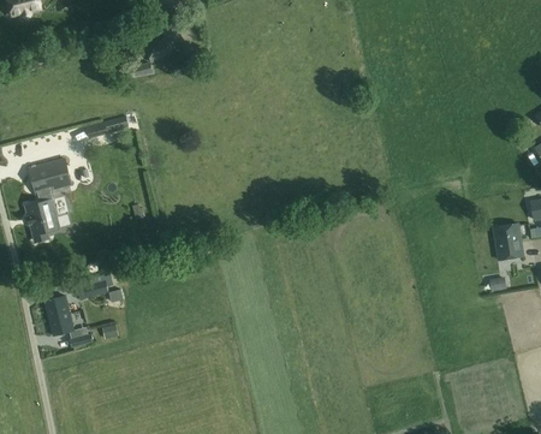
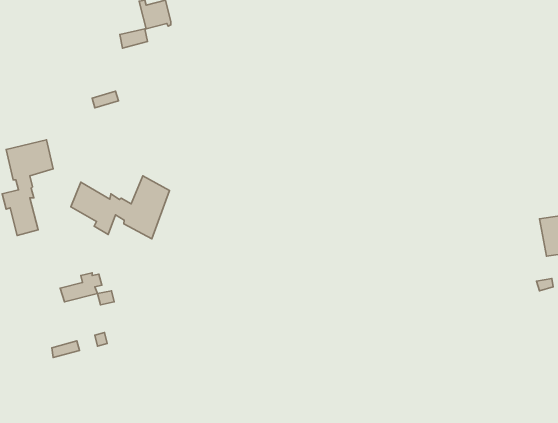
building: none -> [71,176,170,239]
building: [44,296,75,335] -> none

